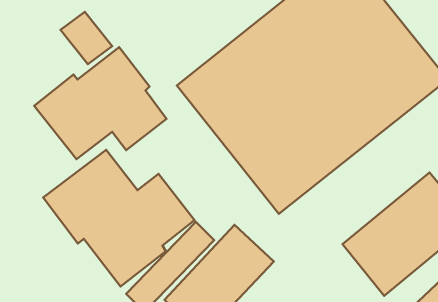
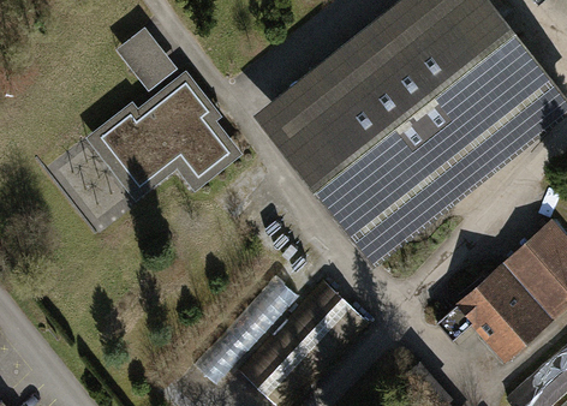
building: [43,150,195,287] -> none

